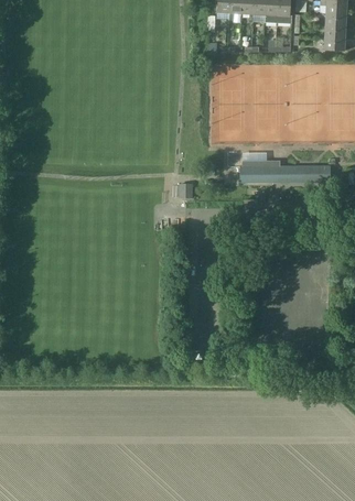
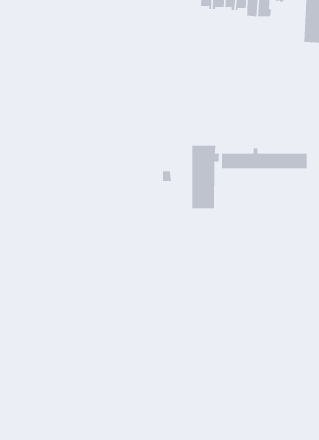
building: none -> [192,145,219,209]

